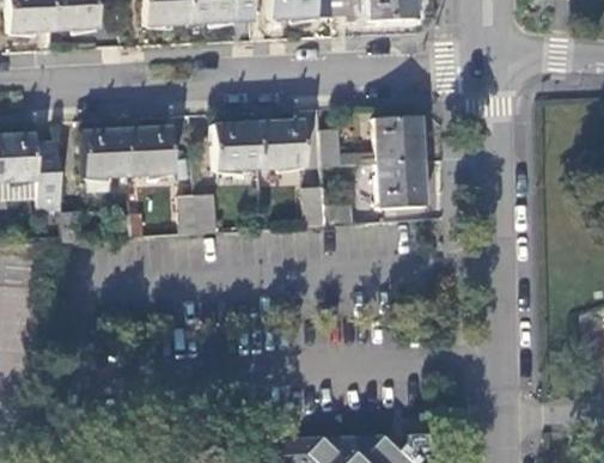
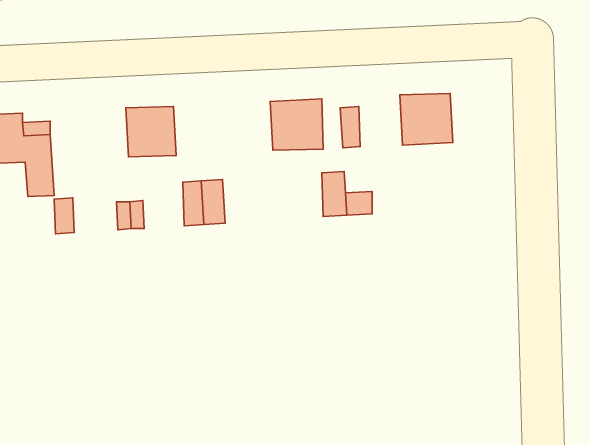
building: [212,123,260,170] -> none
building: [81,129,129,176] -> none
building: [377,160,423,208] -> none

